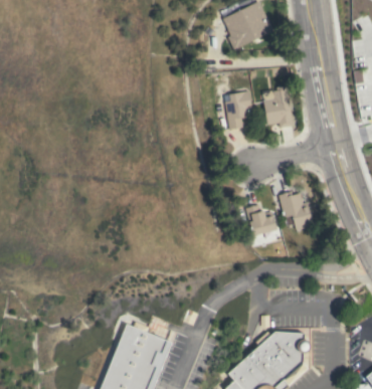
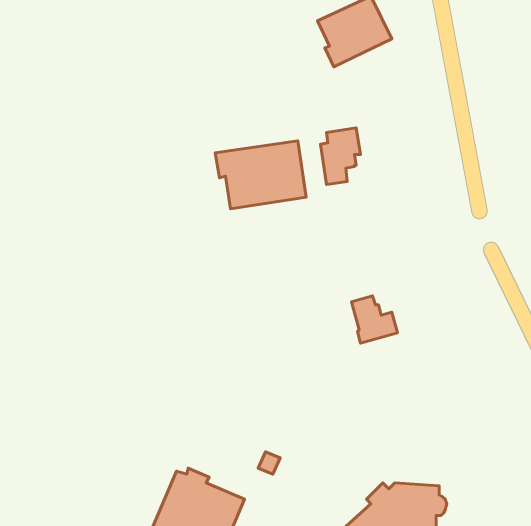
building: [261,84,293,128] -> none
building: none -> [215,141,306,209]
building: [278,191,313,229] -> none

